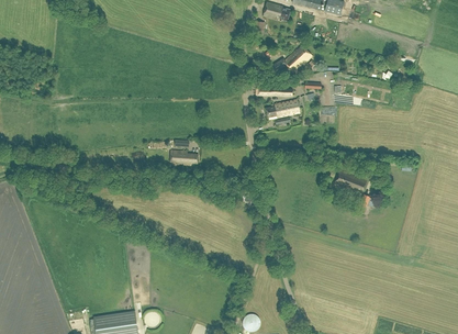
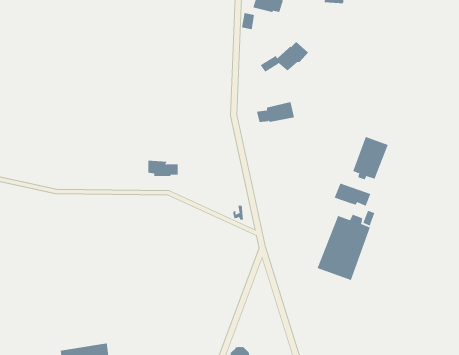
building: none -> [353,136,388,180]
building: none -> [317,214,371,281]

